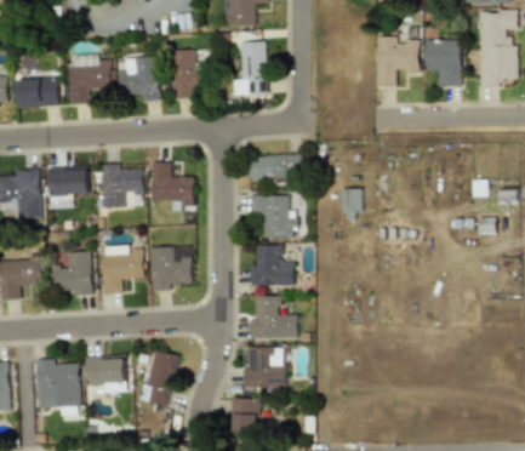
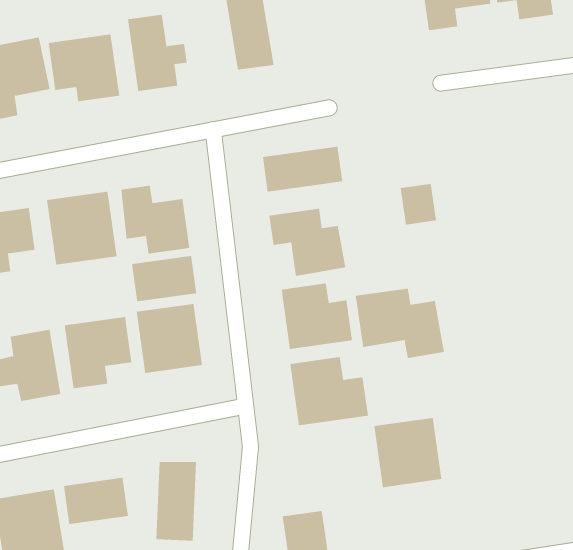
building: none -> [131,255,197,302]
building: none -> [355,288,445,359]
building: [244,347,285,389] -> [373,417,442,488]

